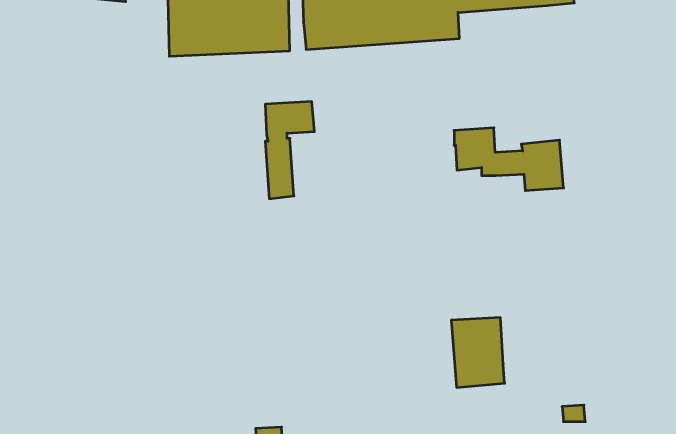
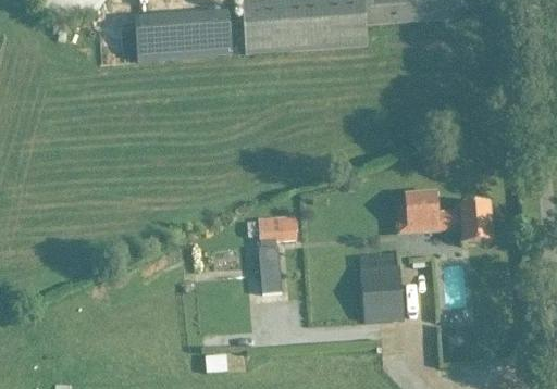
building: [265,102,314,199] -> [258,215,297,292]
building: [454,128,564,191] -> [405,191,492,241]

